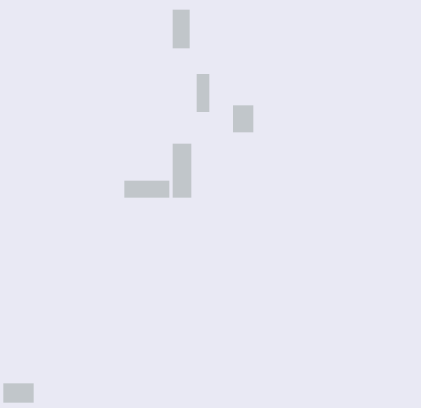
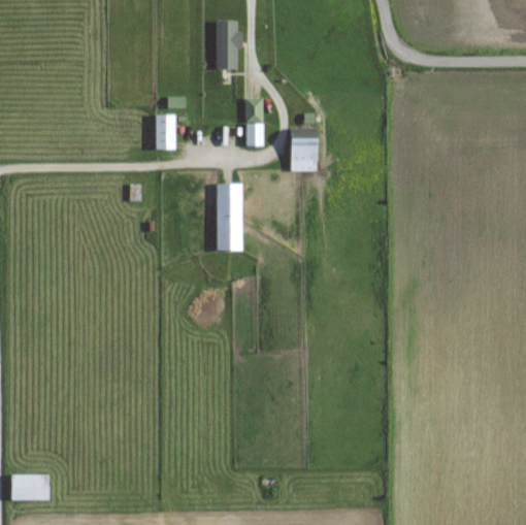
building: none -> [156,114,175,150]
building: [124,180,170,199] -> none

